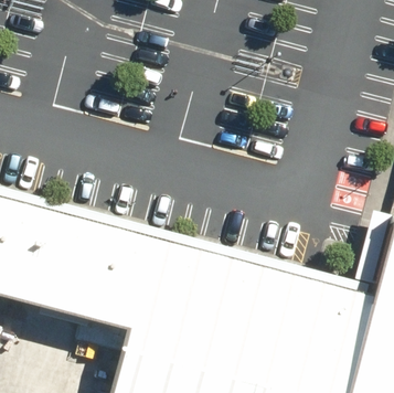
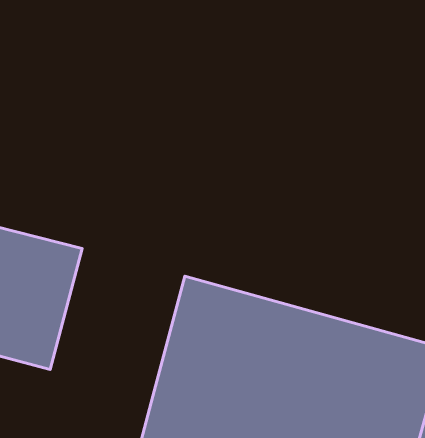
building: [44,212,156,334] -> none

